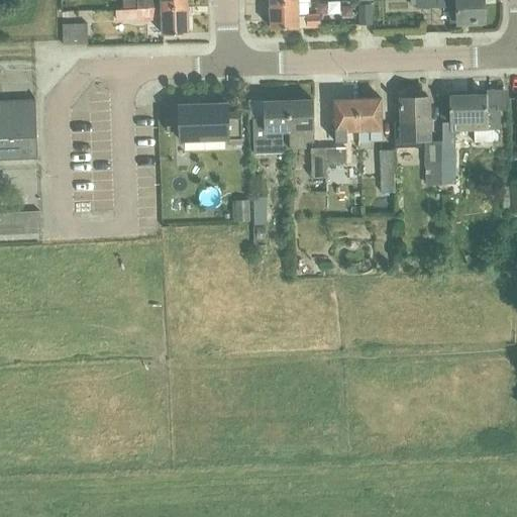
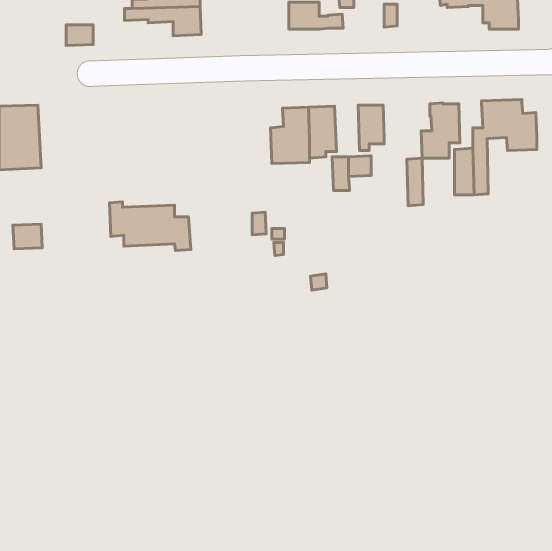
building: [357,97,382,139] -> none
building: [167,98,242,143] -> [110,202,191,250]

